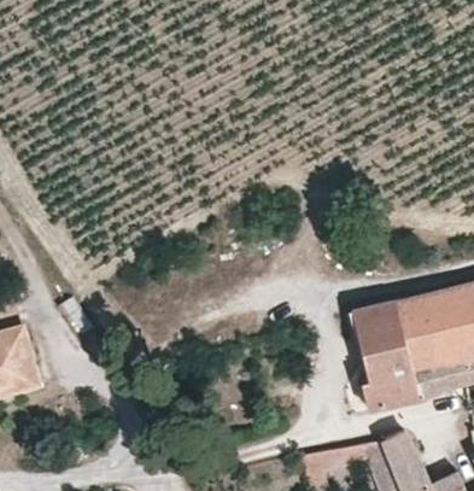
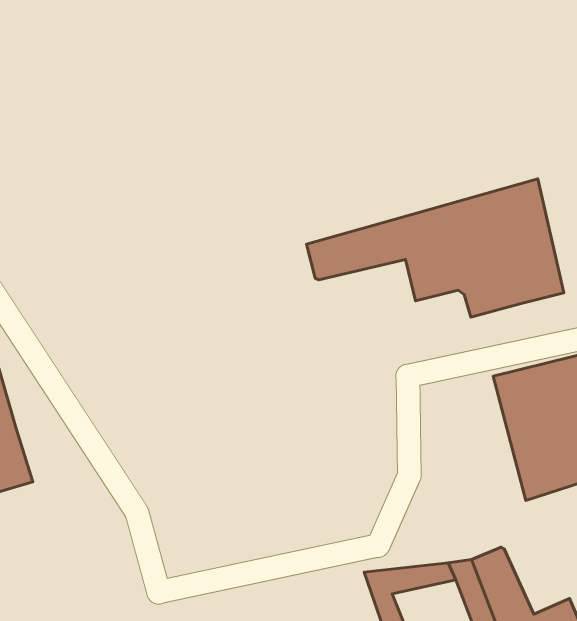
building: none -> [306,179,564,317]
building: [355,299,423,408] -> none

